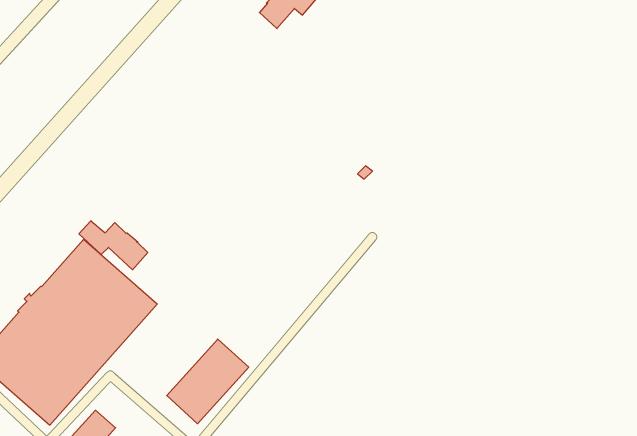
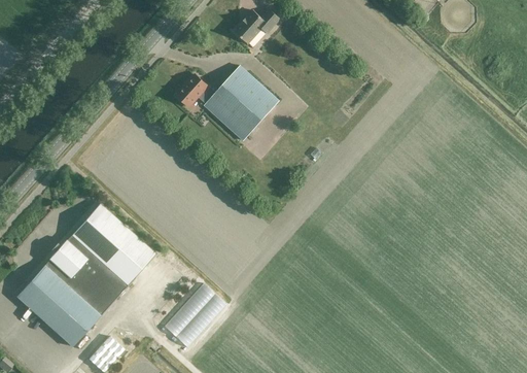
building: none -> [176,65,279,139]
building: [79,221,148,270] -> none

